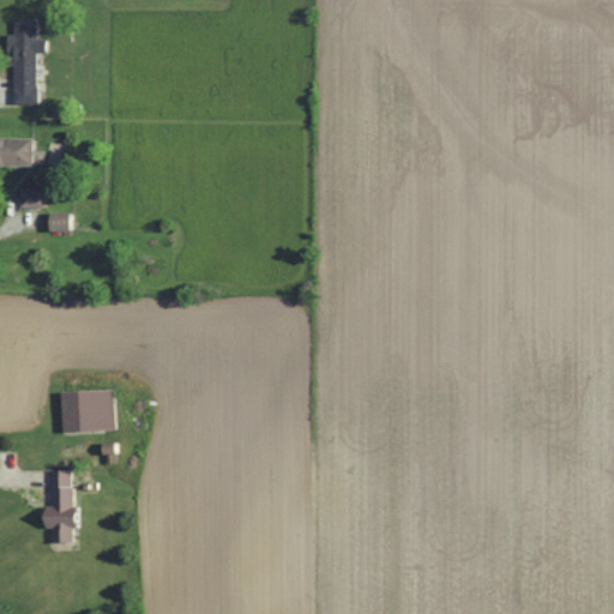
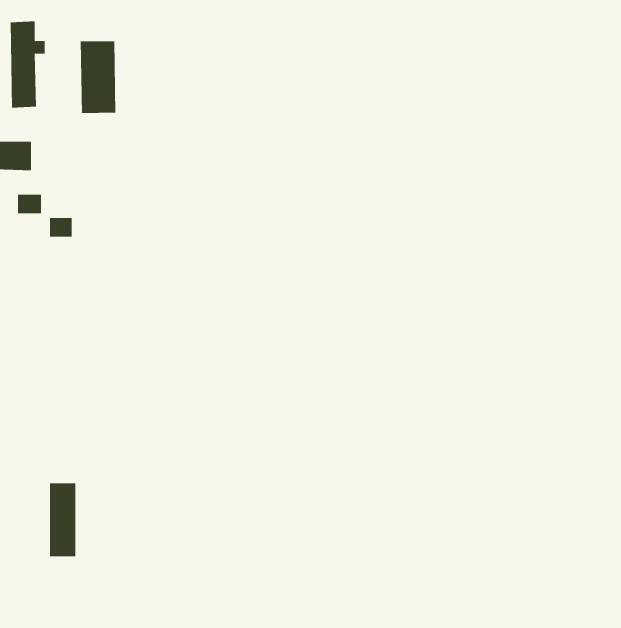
building: none -> [80,40,116,114]
building: [60,391,114,432] -> none

